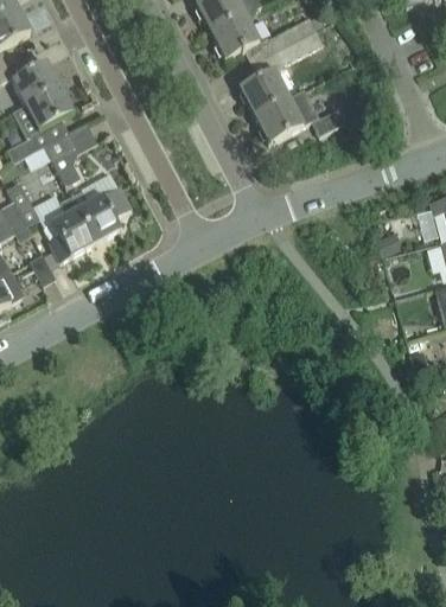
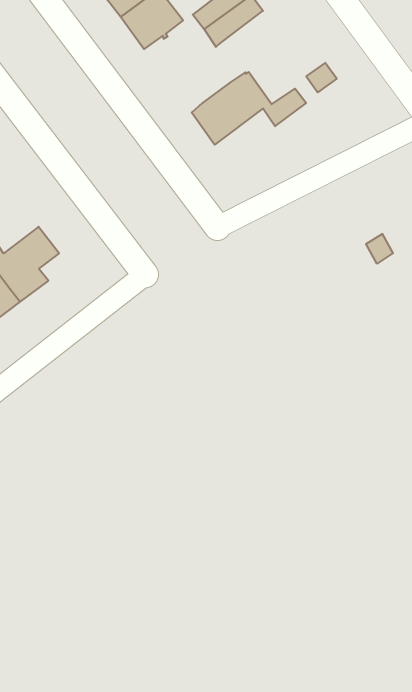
building: [240,68,288,113] -> none

